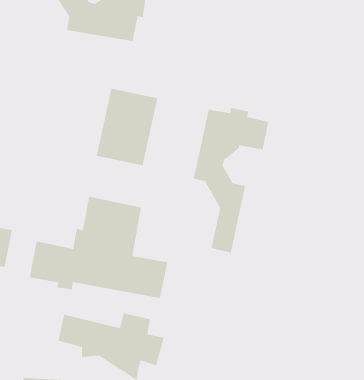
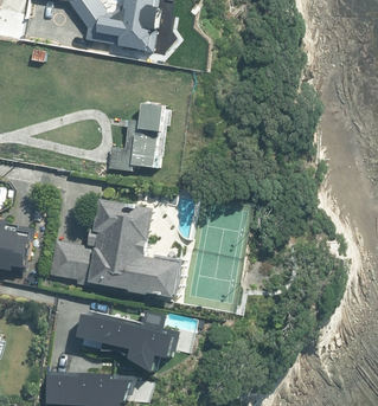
building: [193,107,269,254] -> none

